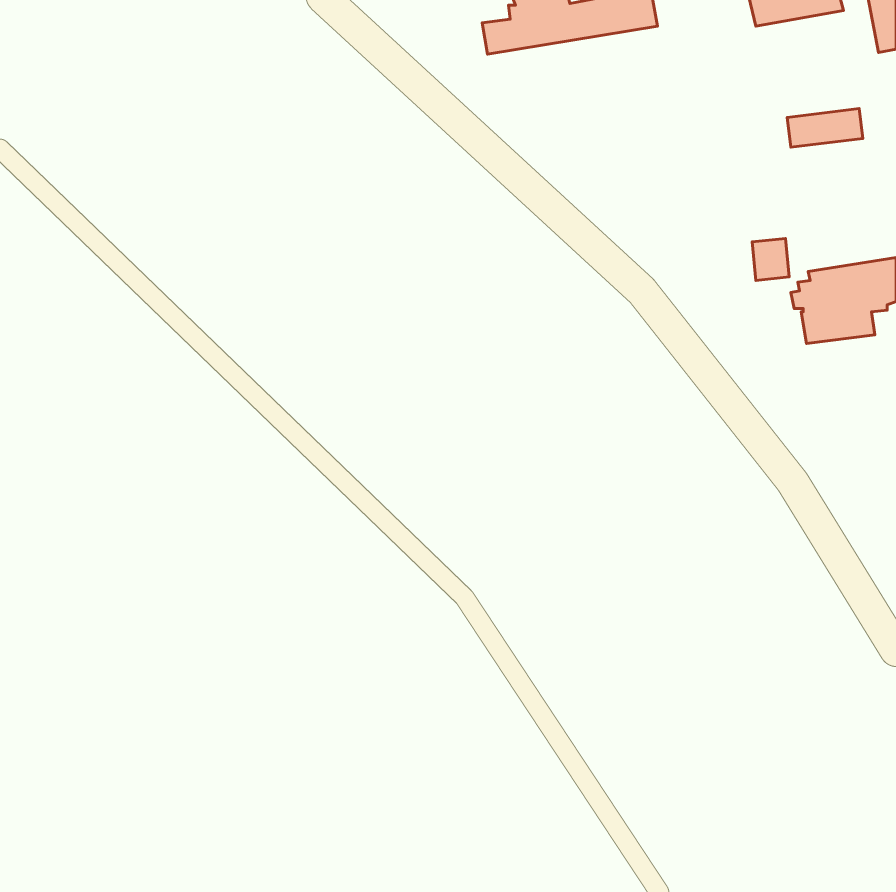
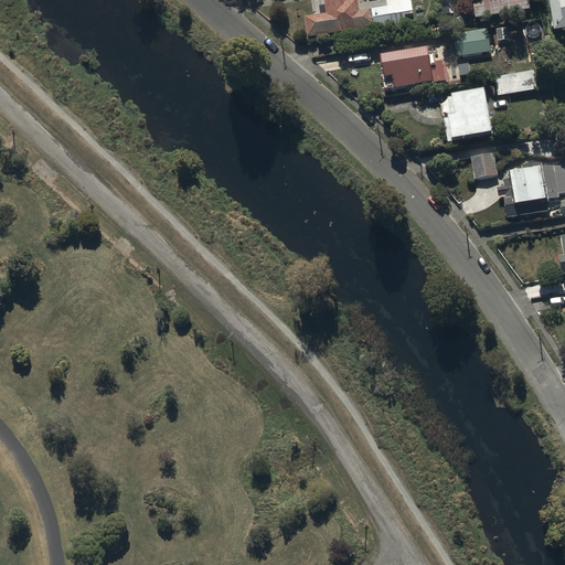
building: none -> [454,26,490,54]
building: none -> [381,46,446,88]
building: none -> [446,87,491,139]

